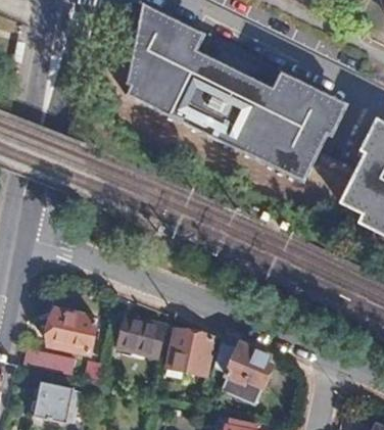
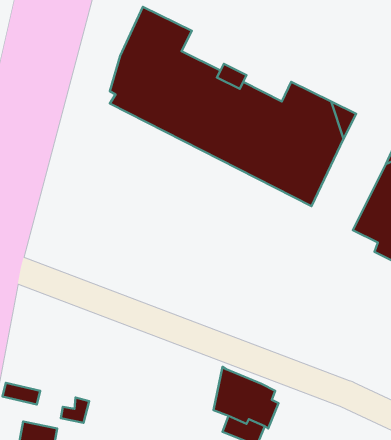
building: [52,307,98,350] -> none
building: [121,312,166,353] -> none
building: [170,328,213,374] -> none

